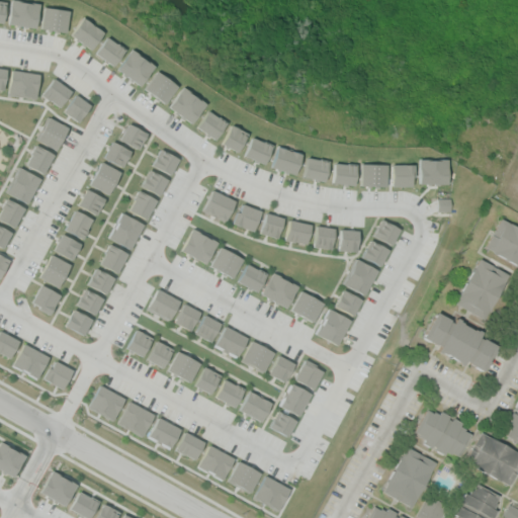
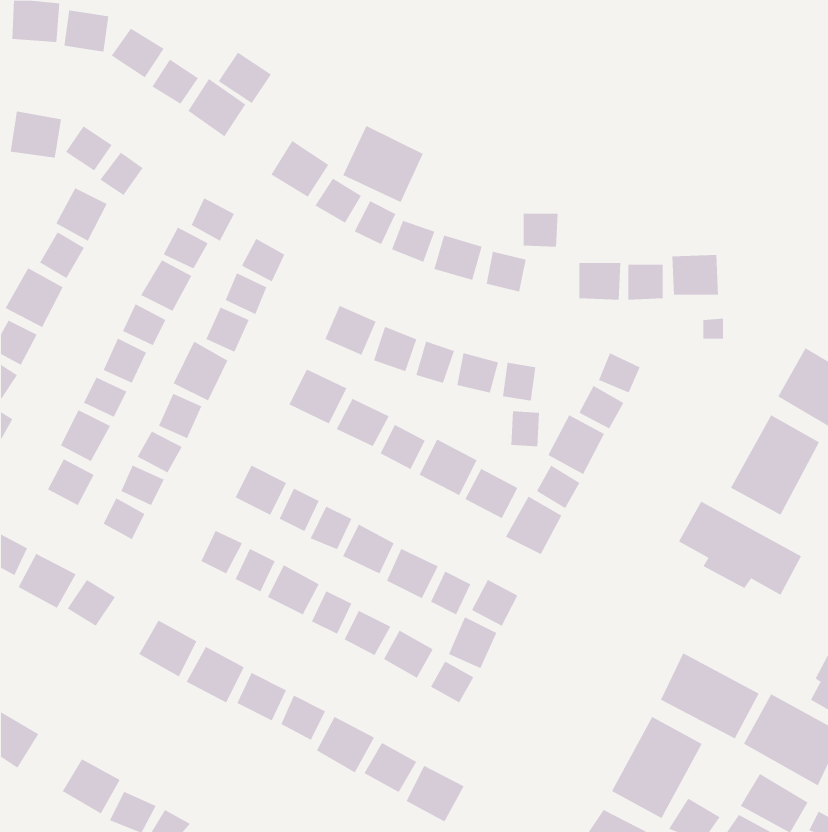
building: [146,72,179,104] -> [218,52,272,104]
building: none -> [342,125,424,203]
building: [335,164,357,185] -> [523,213,559,247]
building: [341,230,359,252] -> [511,411,540,447]

